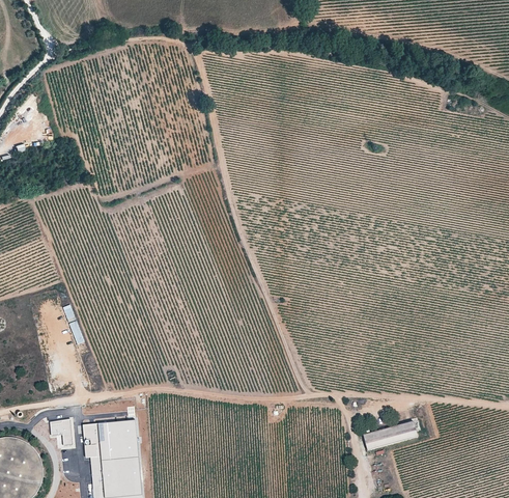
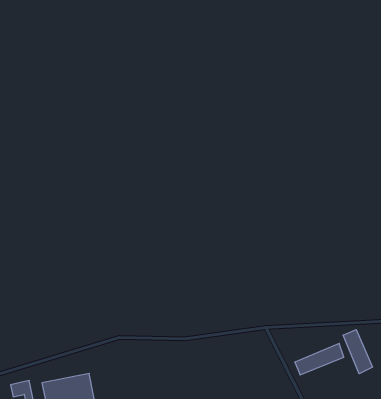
building: none -> [343,330,372,374]

